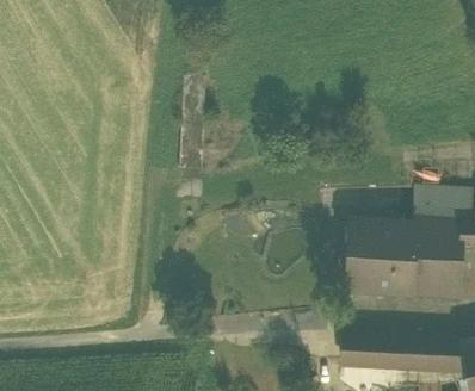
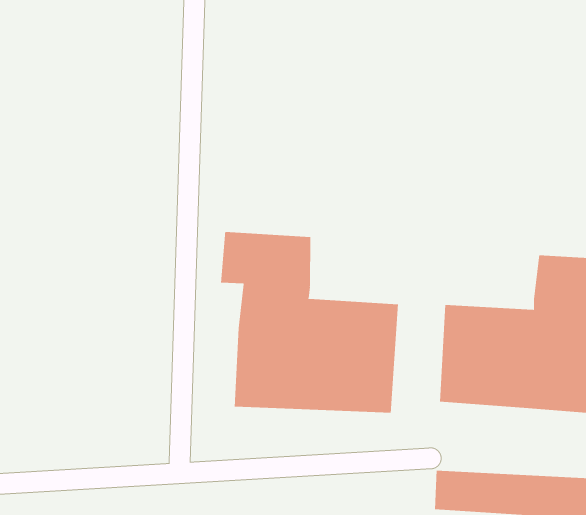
building: none -> [221,231,399,414]

